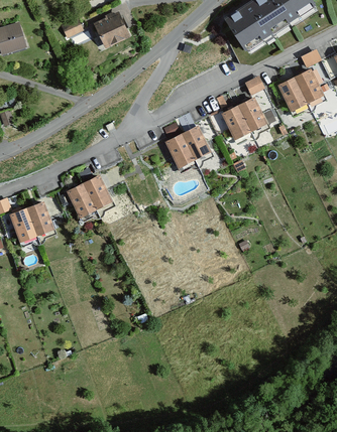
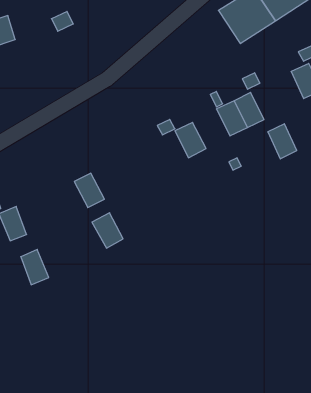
building: [95,14,129,47] -> none
building: [278,77,307,111] -> [268,124,297,159]
building: [165,134,195,168] -> none
building: [67,183,97,218] -> [92,213,123,248]
building: [27,200,54,235] -> [21,249,49,285]

